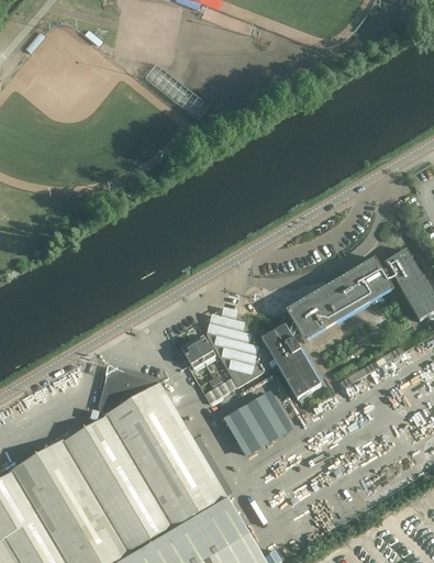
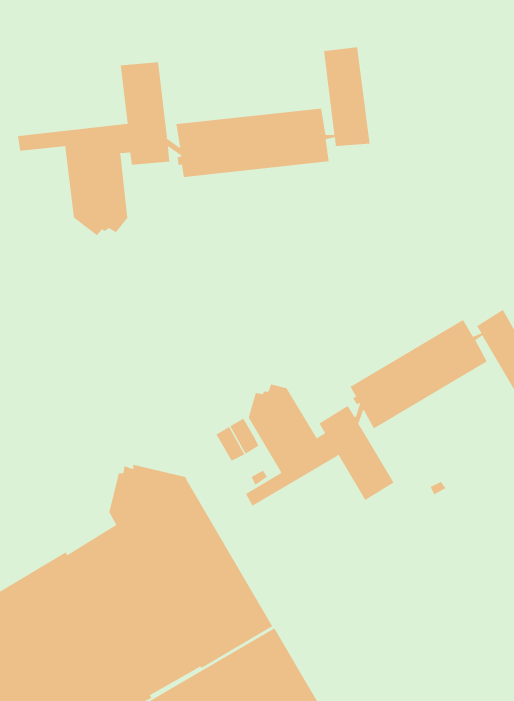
building: none -> [17,46,370,236]
building: [224,390,293,455] -> none

